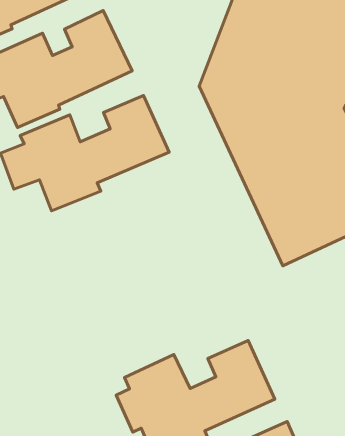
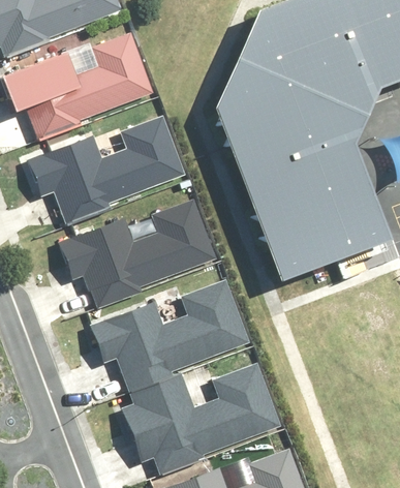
building: none -> [45,202,209,305]
building: none -> [79,277,245,391]

